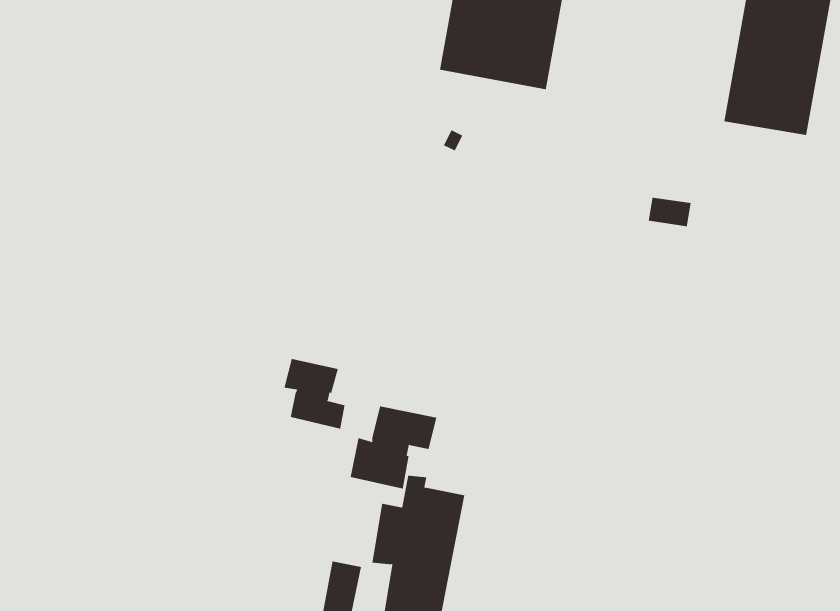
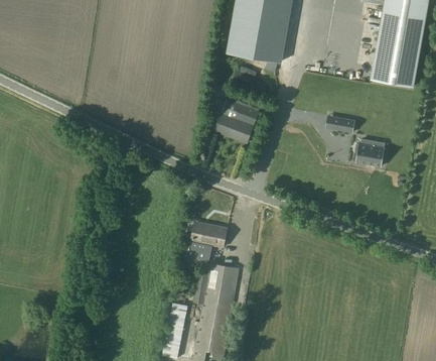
building: none -> [212,100,258,144]
building: none -> [353,139,384,167]
building: [284,358,345,429] -> none

